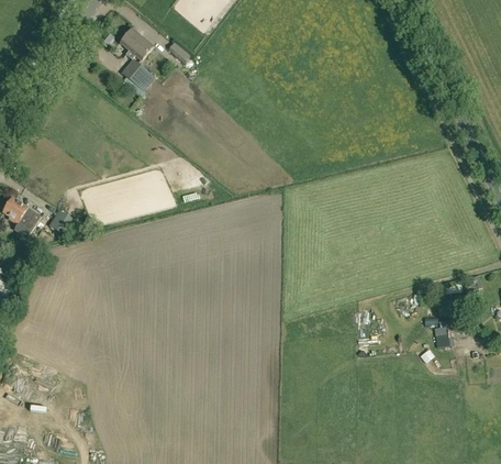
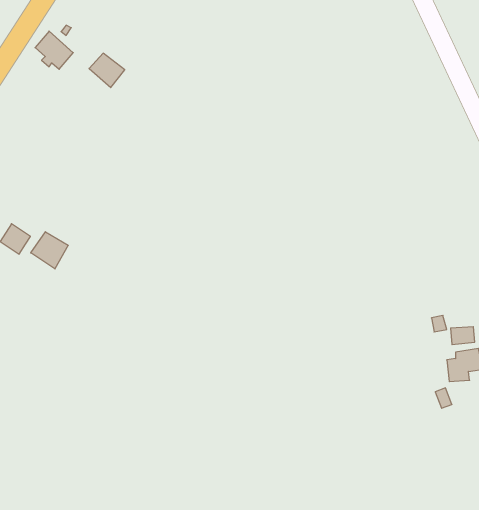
building: [120,26,153,59] -> [35,31,73,69]
building: none -> [31,232,68,269]

